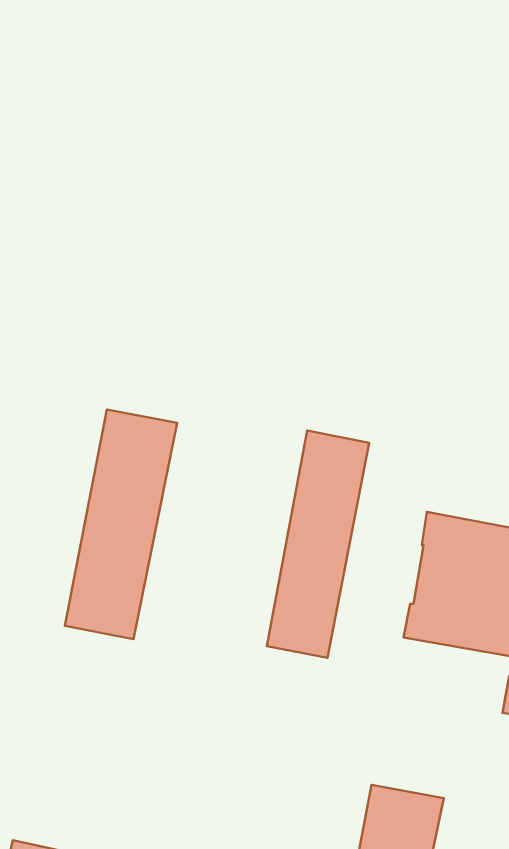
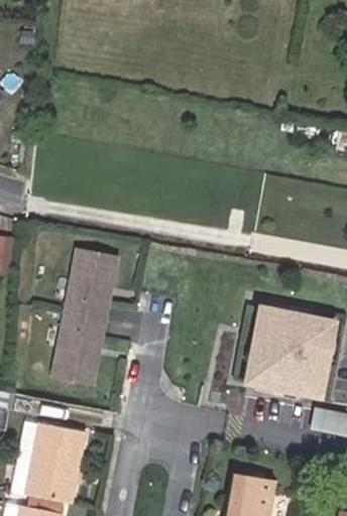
building: [267,431,369,658] -> none
building: none -> [24,422,82,503]

